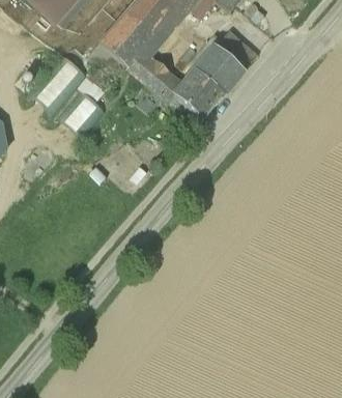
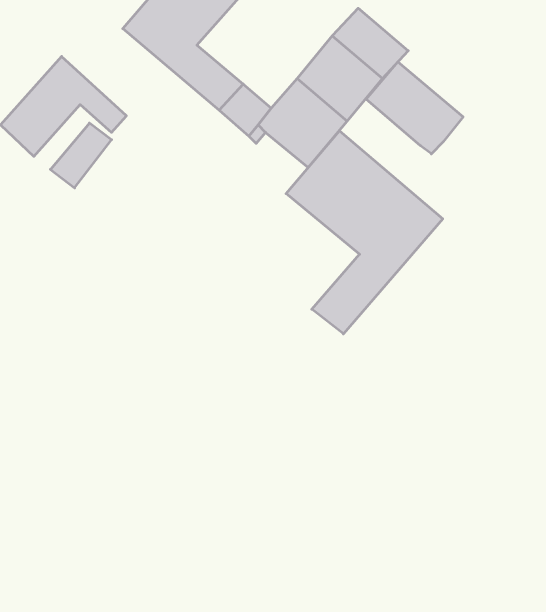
building: none -> [366,62,463,154]
building: none -> [286,131,443,334]

